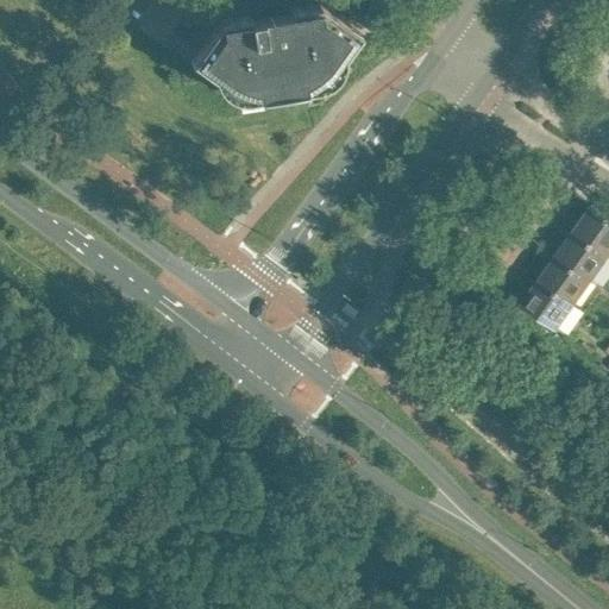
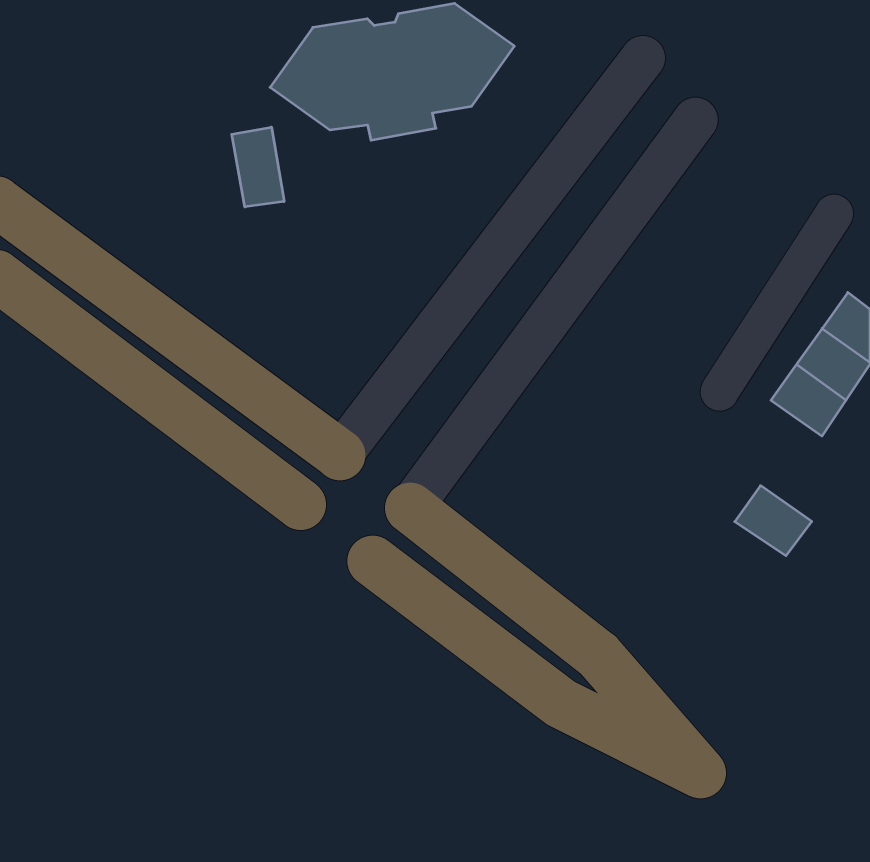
building: none -> [232,127,284,207]
building: [519,287,572,335] -> [735,486,812,556]

